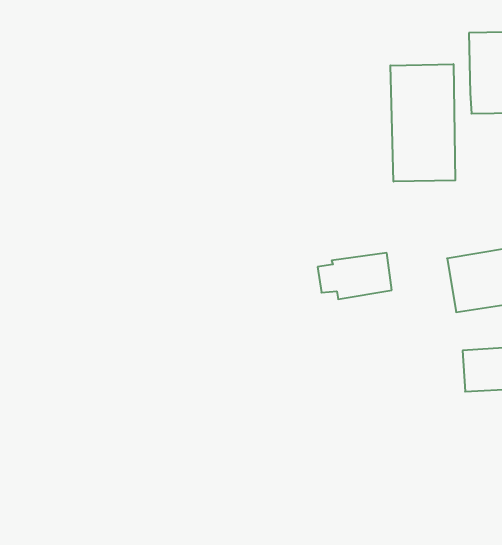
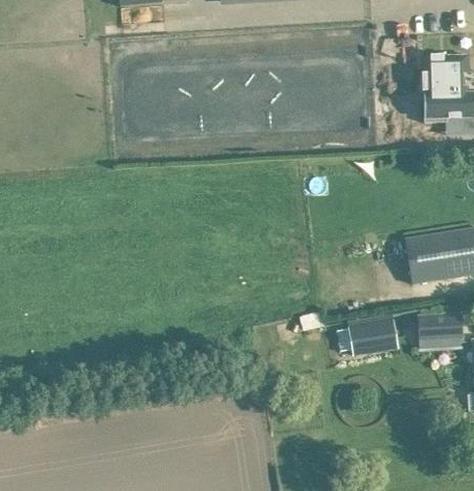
building: [390,64,455,182] -> none
building: [318,253,392,299] -> [336,318,396,355]

